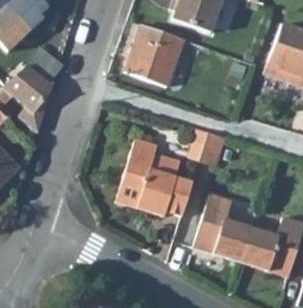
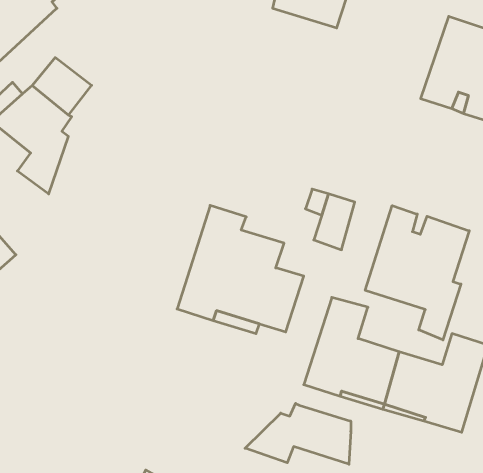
building: [124,24,184,87] -> none
building: none -> [365,206,469,340]
building: none -> [245,403,351,464]

